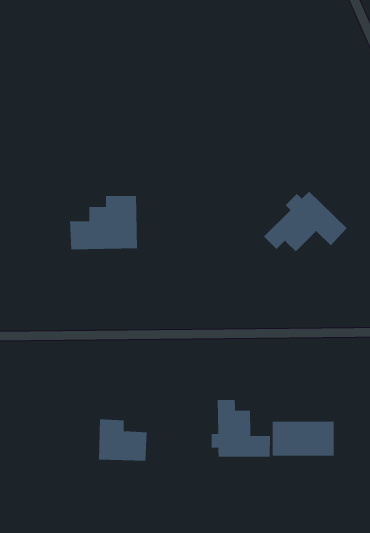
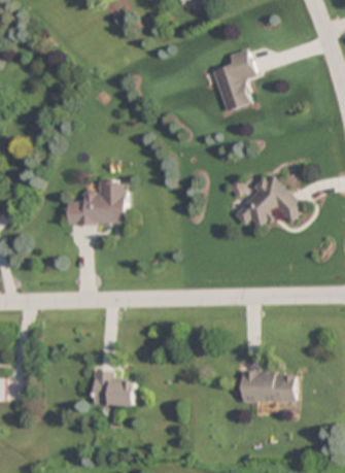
building: none -> [211,48,253,111]
building: [211,399,271,457] -> none

